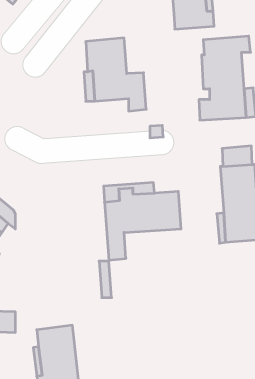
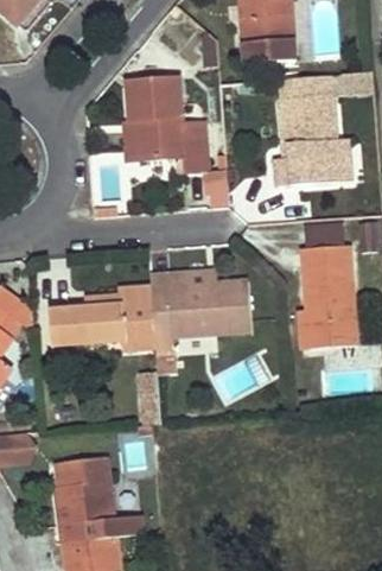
building: none -> [47,304,126,345]

